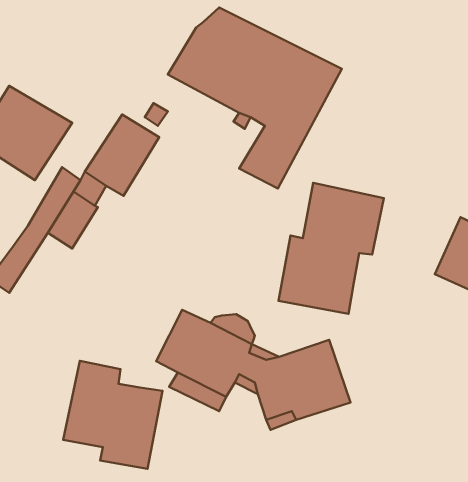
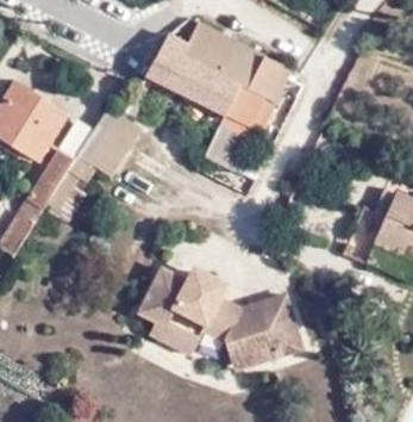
building: [279,183,384,314] -> none
building: [63,361,162,469] -> none

